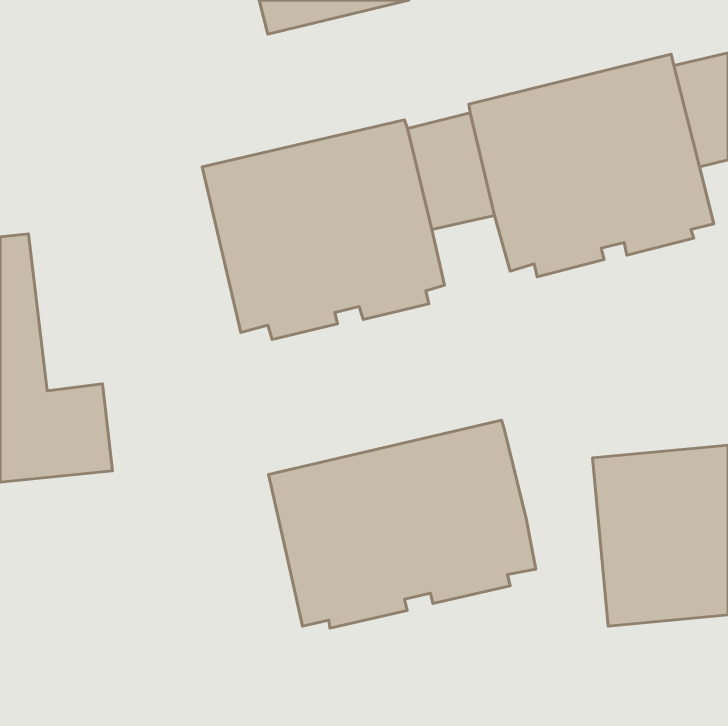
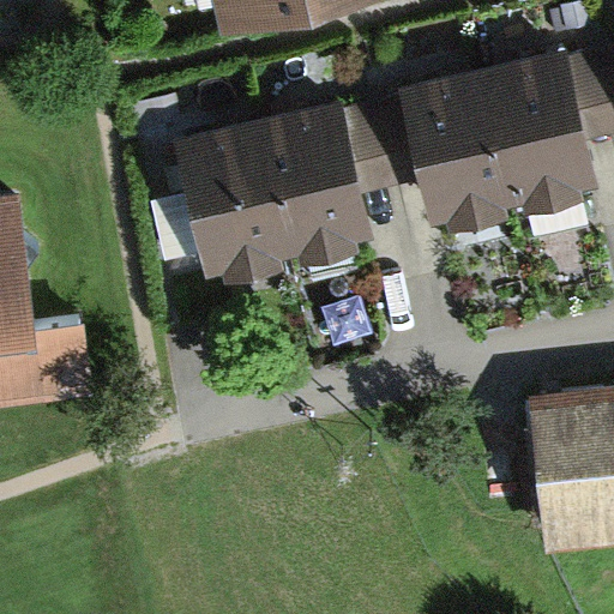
building: [269,420,536,628] -> none

